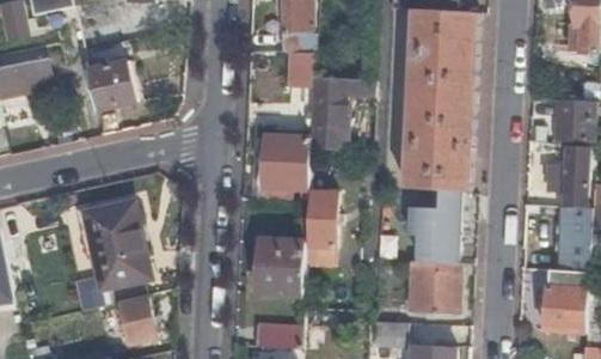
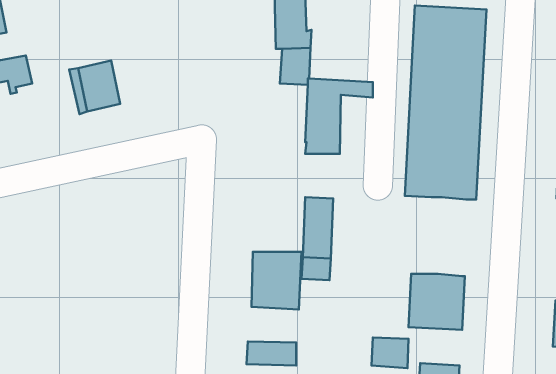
building: [256,138,311,202] -> none
building: [407,189,460,263] -> none
building: [85,201,152,287] -> none
building: [121,297,157,345] -> none

